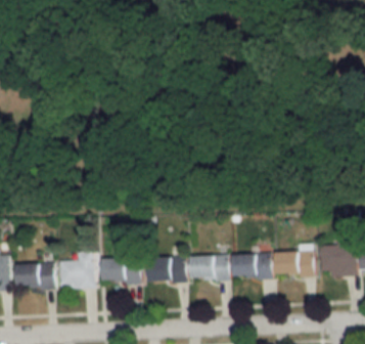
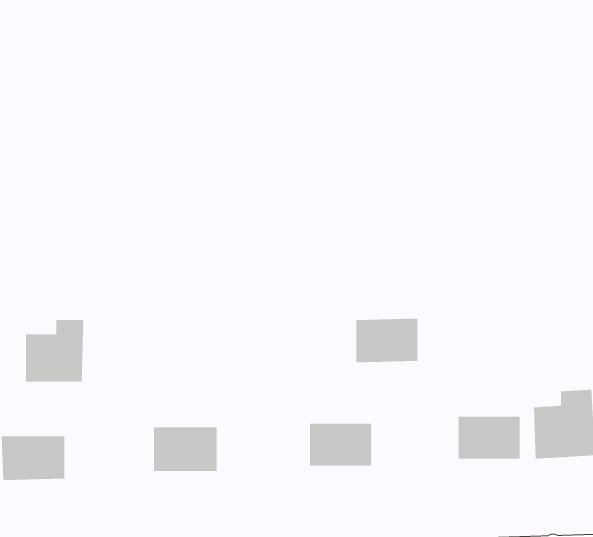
building: [59,252,93,288] -> [25,319,84,382]
building: [235,254,271,280] -> [355,318,418,363]
building: [149,257,185,282] -> none

